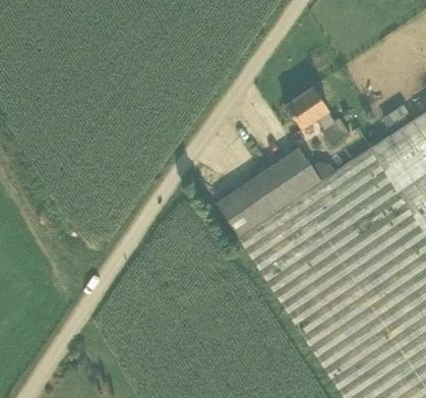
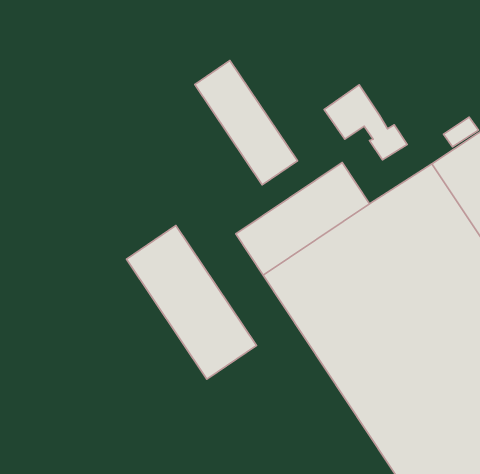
building: none -> [195,60,297,185]
building: none -> [126,225,256,379]

